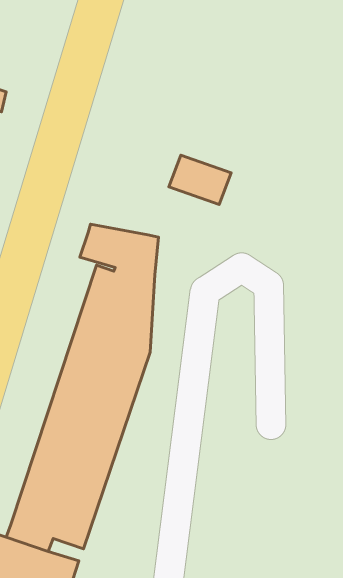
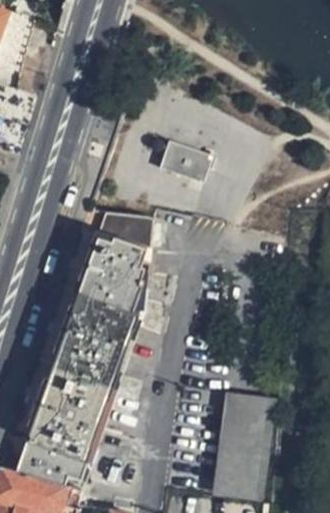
building: none -> [219,394,272,498]

